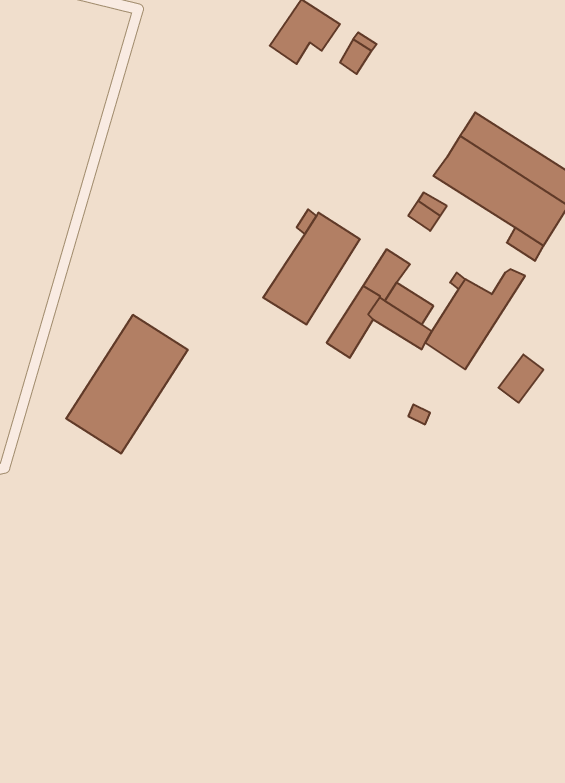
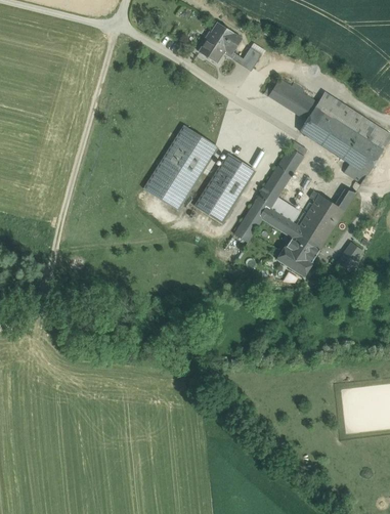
building: none -> [268,79,317,120]
building: none -> [270,156,297,185]
building: [66,315,188,453] -> [143,125,218,210]
building: none -> [276,233,318,276]

